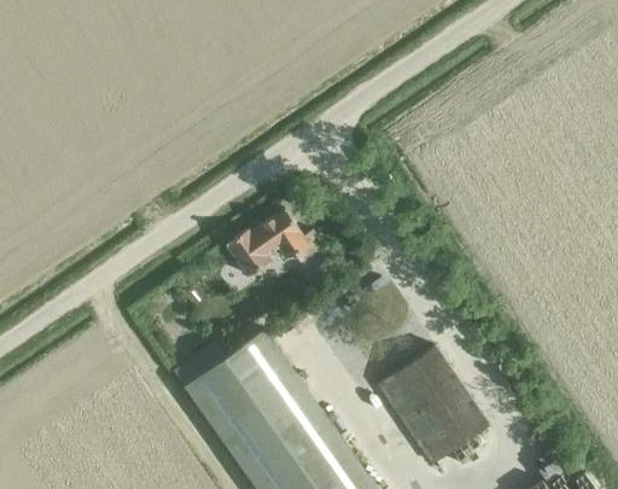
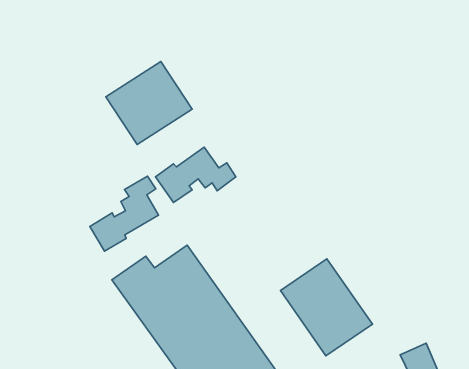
building: none -> [106,62,192,145]
building: none -> [90,176,158,251]

